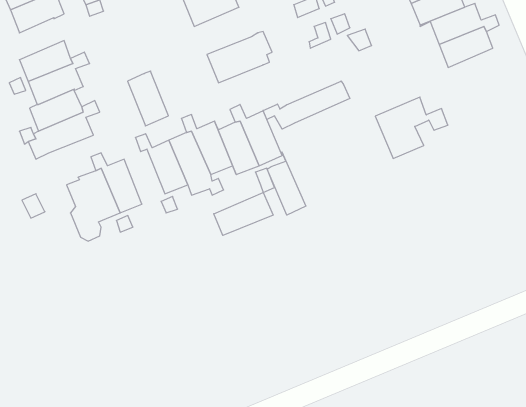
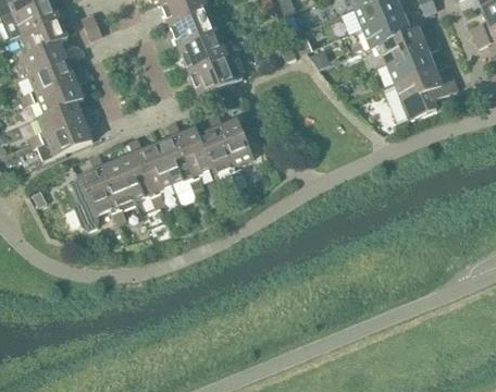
building: none -> [178,30,227,71]
building: none -> [21,39,67,75]
building: [128,71,168,126] -> [119,151,153,198]
building: [263,81,350,129] -> none
building: [375,97,448,158] -> [395,65,457,118]
building: [267,152,306,215] -> none
building: [214,193,273,235] -> none

